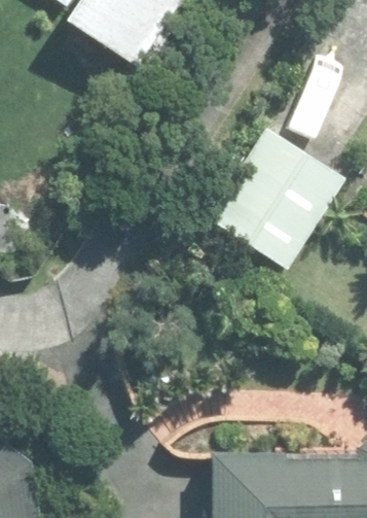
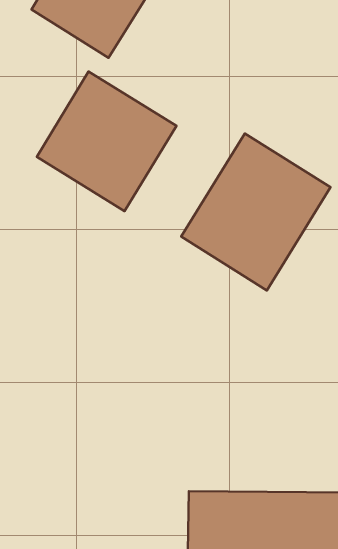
building: none -> [37,72,177,211]

